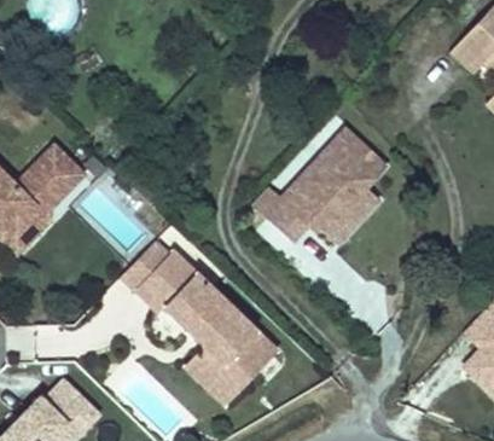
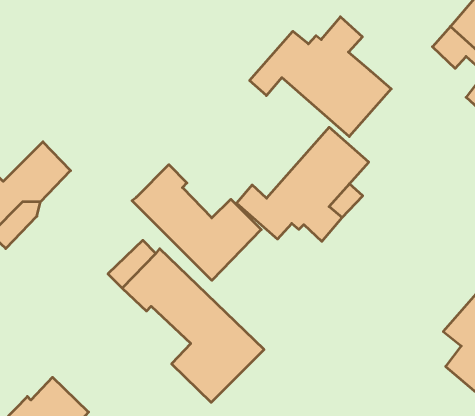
building: none -> [250,17,391,137]
building: none -> [132,165,261,280]

